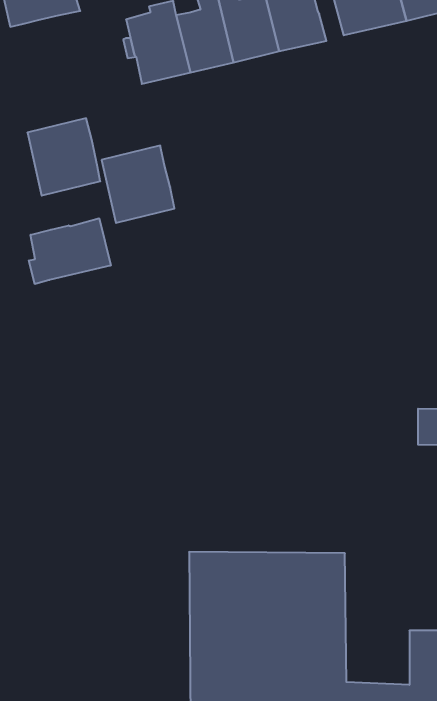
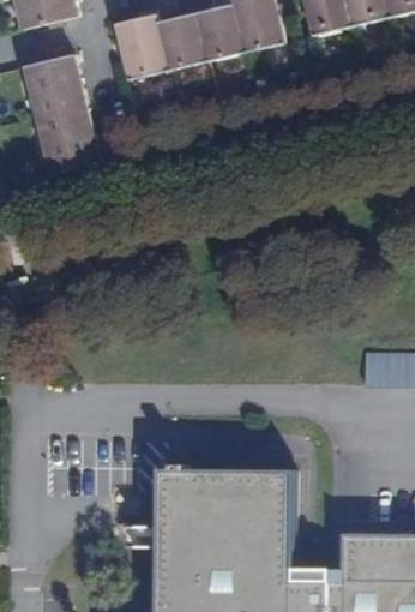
building: [102,146,174,223] -> [20,55,82,120]
building: [29,218,111,284] -> none

